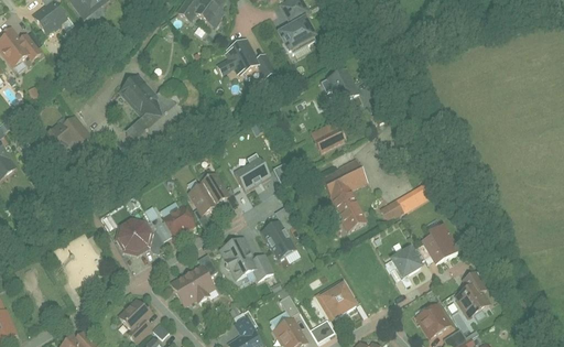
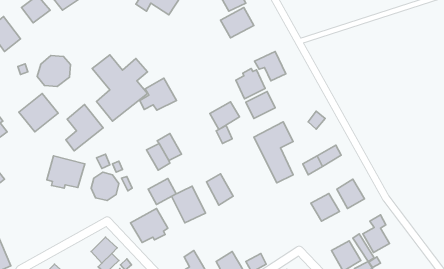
building: [217,35,262,75] -> [140,78,176,110]
building: none -> [37,56,71,87]
building: none -> [236,68,265,99]
building: none -> [66,105,103,151]
building: [234,153,270,187] -> [210,102,239,129]
building: none -> [47,156,85,188]
building: [162,203,196,235] -> [148,179,176,204]
building: [315,278,359,318] -> none

